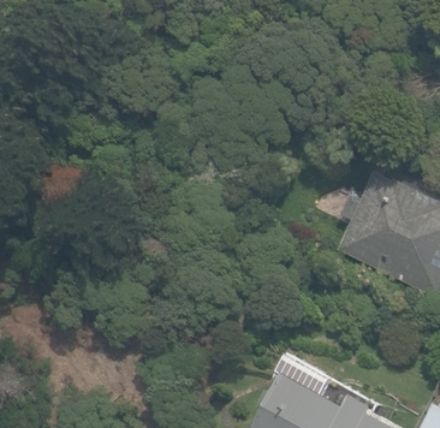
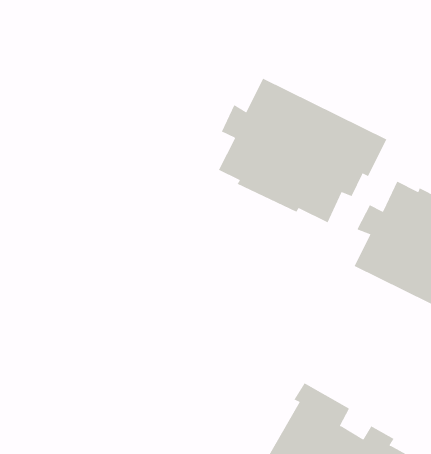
building: none -> [218,78,387,223]

